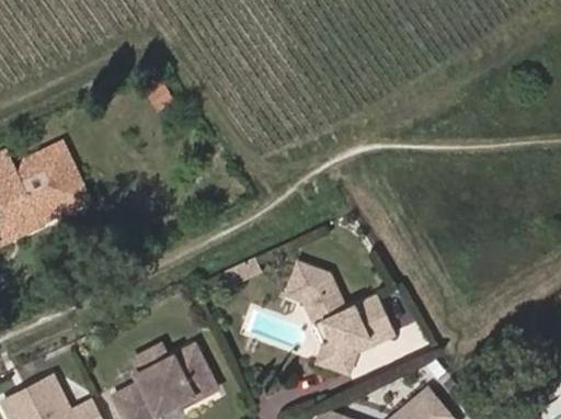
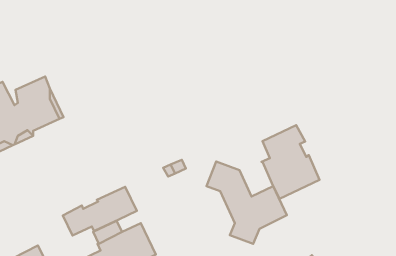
building: none -> [262,125,320,199]
building: none -> [63,187,137,236]

